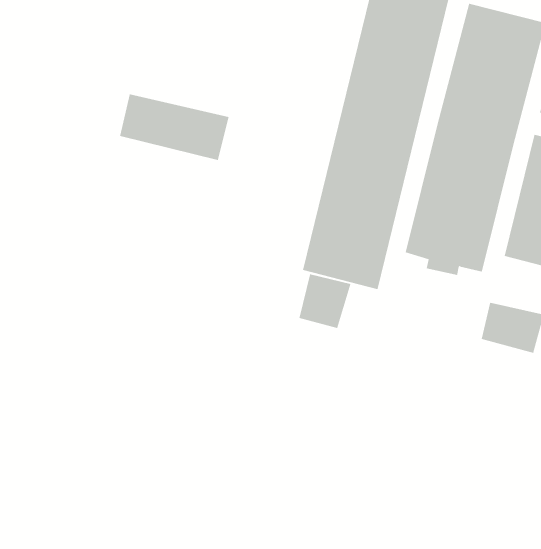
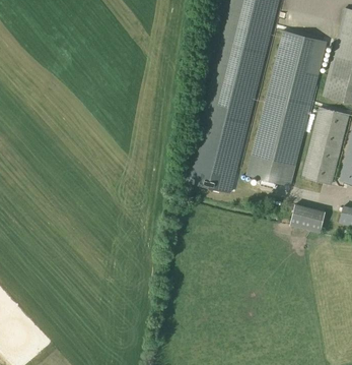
building: [119,93,229,161] -> none
building: [299,274,351,329] -> none

